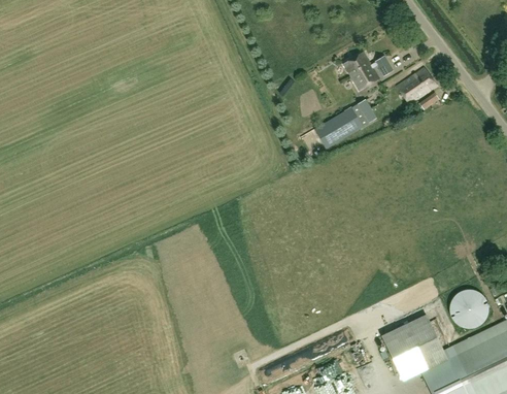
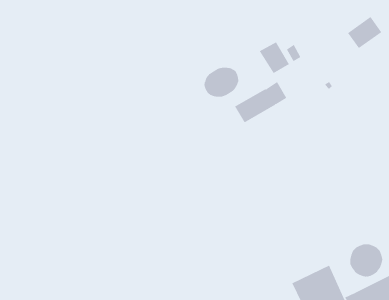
building: [396,66,437,104] -> [347,16,382,49]
building: none -> [204,67,239,98]

